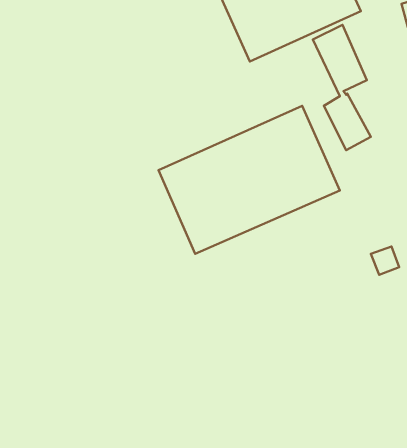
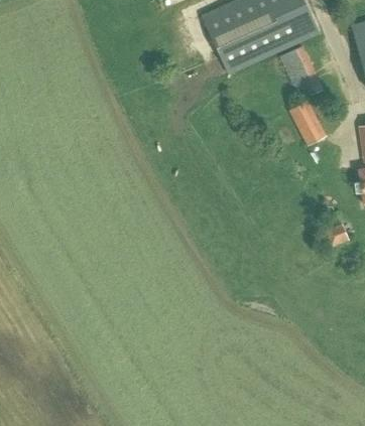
building: [159,106,340,254] -> none

